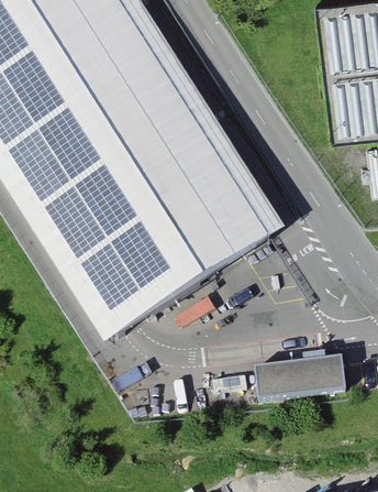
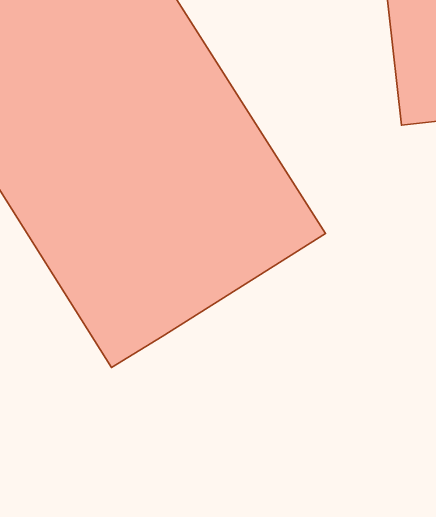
building: [266,353,360,396] -> none

